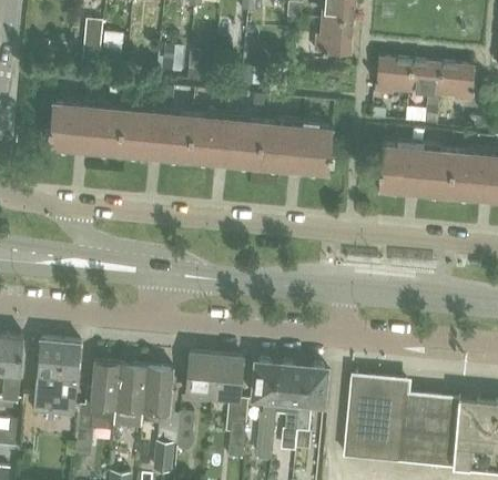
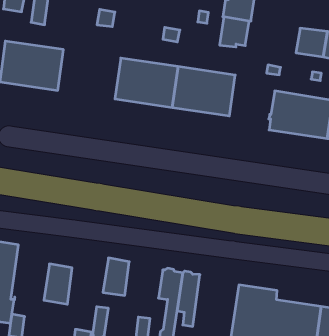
building: [374,60,408,95] -> [220,17,249,47]
building: [119,104,193,161] -> none
building: [213,357,244,401] -> none
building: [89,362,120,420] -> none
building: [297,367,326,432] -> none
building: [144,368,174,415] -> none

